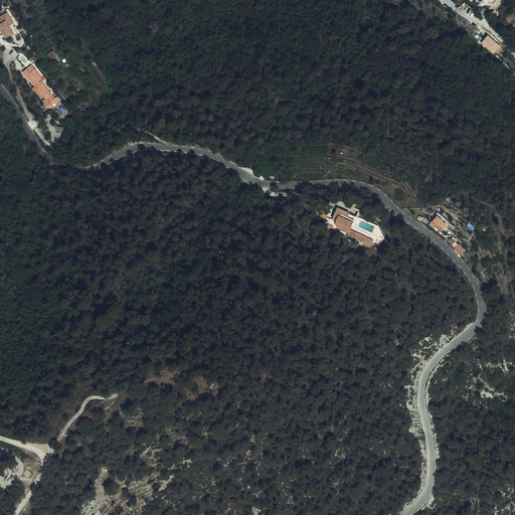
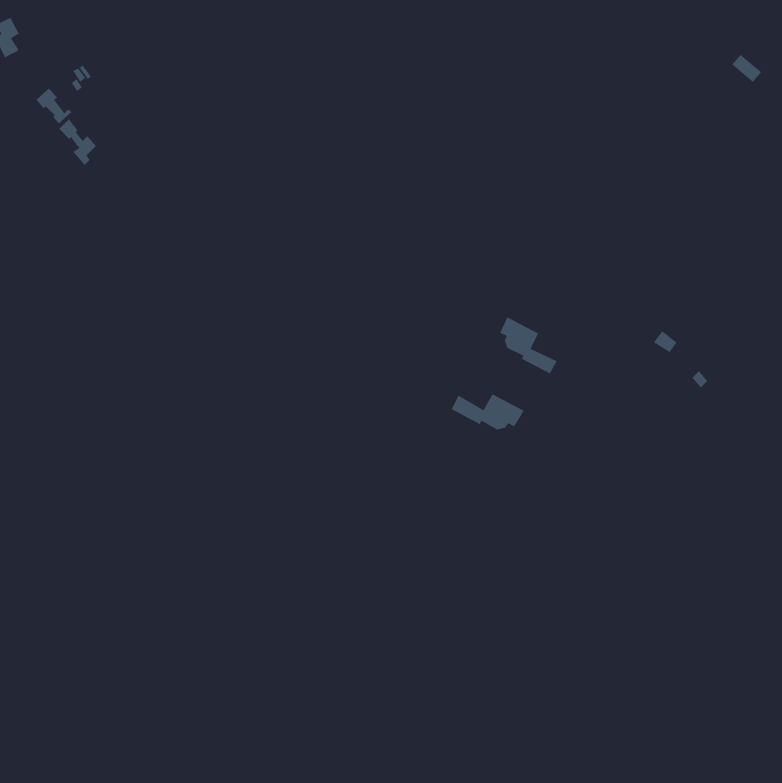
building: none -> [451,393,525,430]

